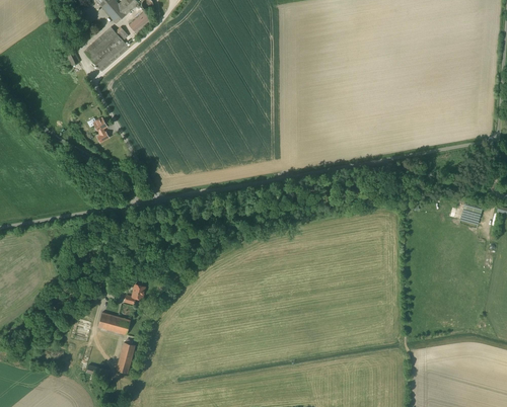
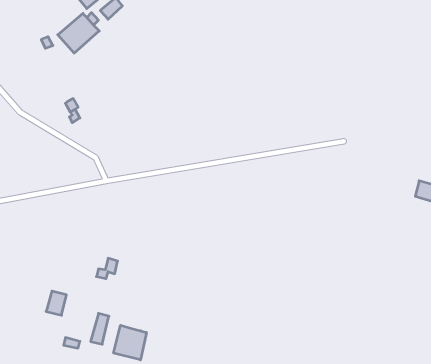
building: [100,314,133,336] -> none
building: none -> [114,325,146,360]

